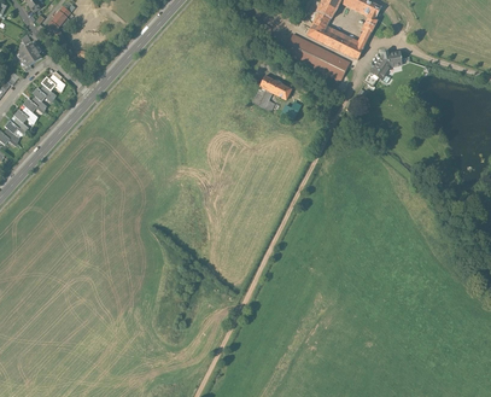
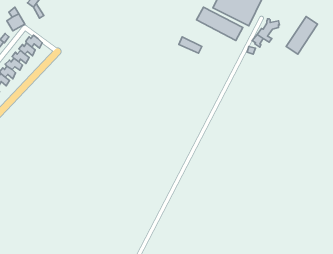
building: none -> [286,17,318,54]

